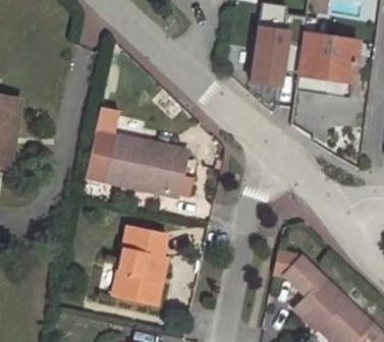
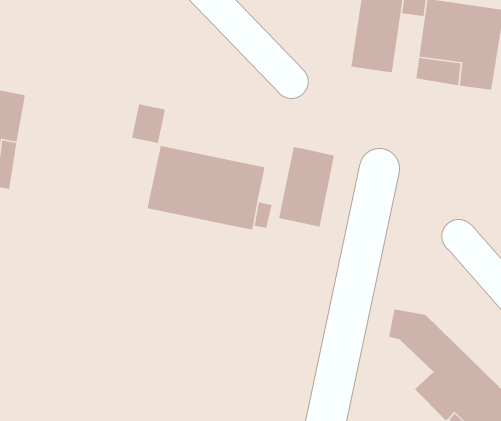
building: [86,132,115,180] -> none
building: none -> [278,146,335,227]
building: [112,228,167,303] -> none

